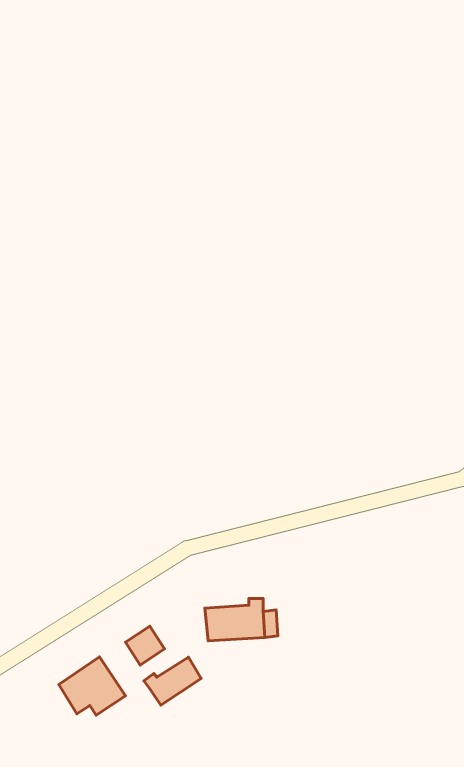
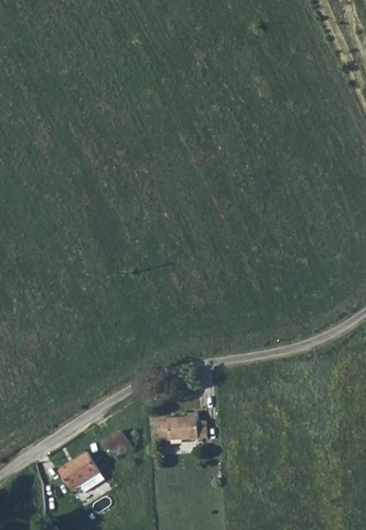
building: [144,657,201,705] -> none

